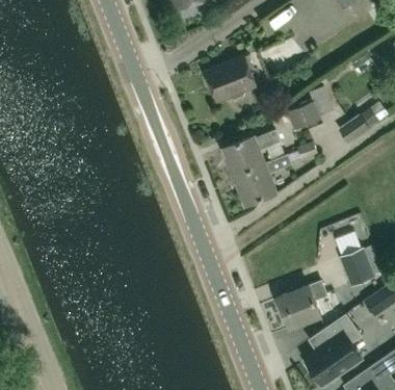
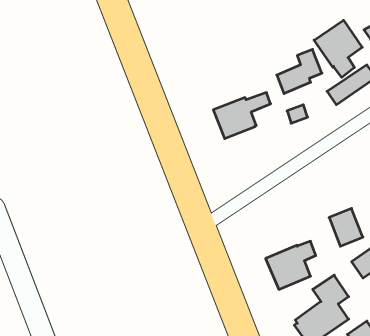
building: [205,55,255,102] -> none
building: none -> [314,20,362,77]
building: [234,154,292,206] -> none

